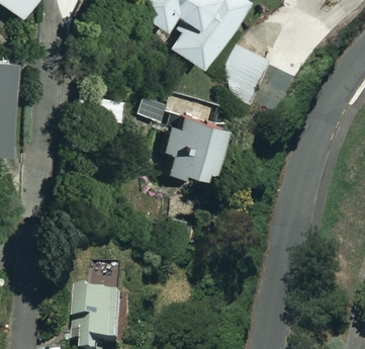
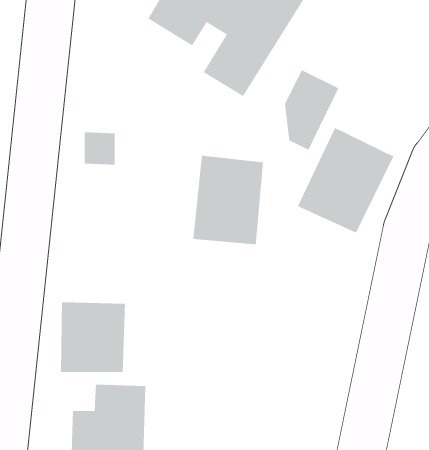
building: none -> [297,127,394,233]
building: none -> [60,301,125,373]

